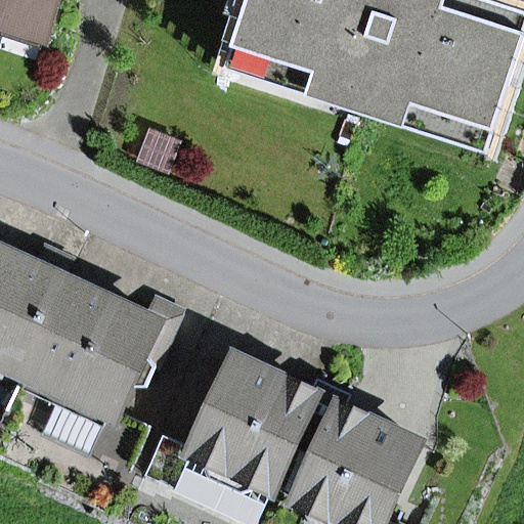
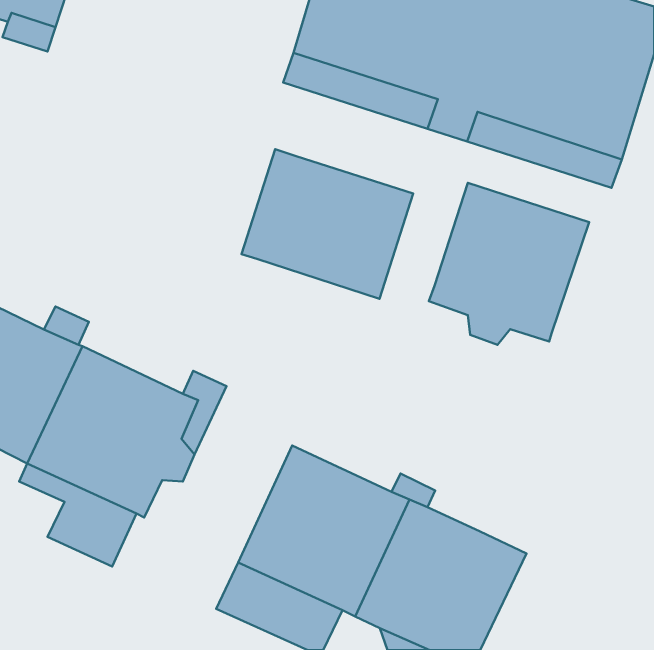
building: none -> [241,149,413,299]
building: none -> [429,183,589,345]

